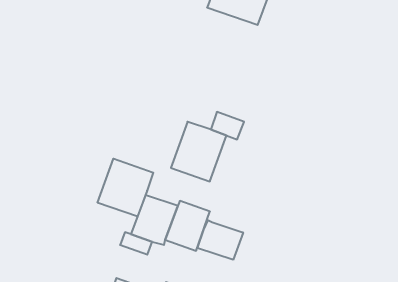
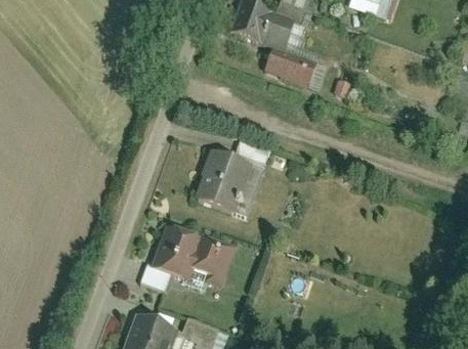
building: none -> [266,47,315,83]
building: [98,159,153,217] -> none
building: [197,220,243,260] -> none

